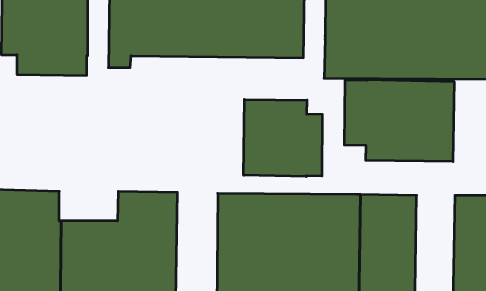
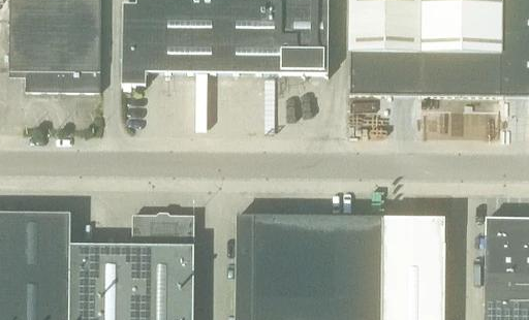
building: [344,79,454,162] -> none
building: [244,99,322,177] -> none

